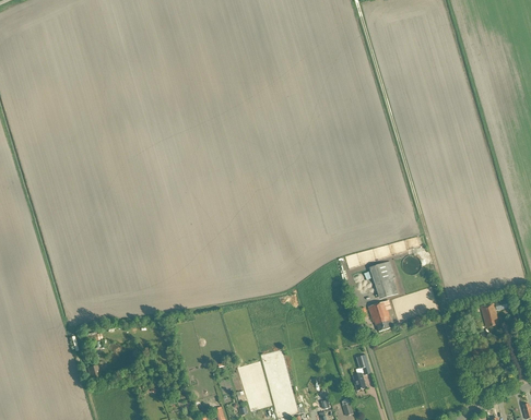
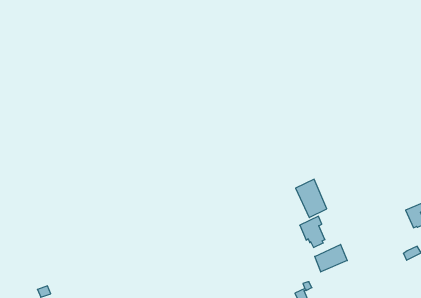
building: none -> [315,244,347,272]

